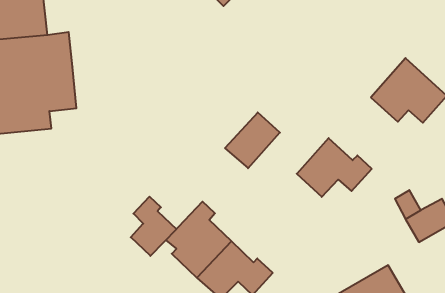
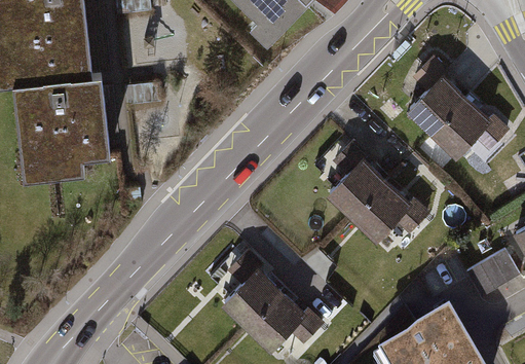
building: none -> [405,61,467,138]
building: [225,112,280,168] -> [327,159,385,219]
building: [131,197,176,256] -> none

